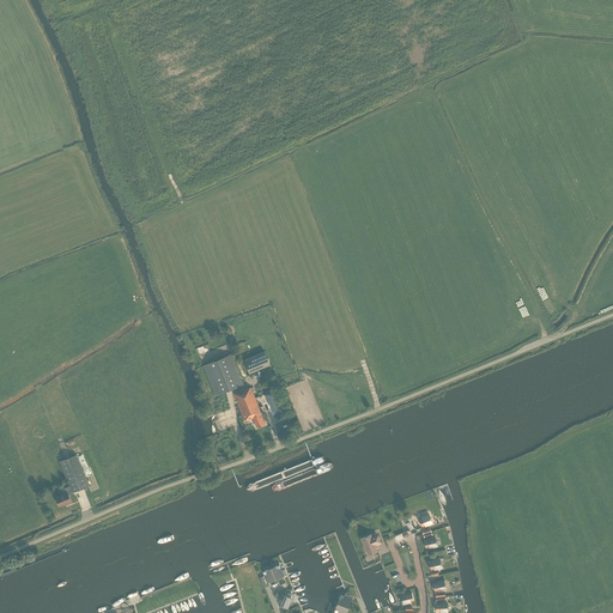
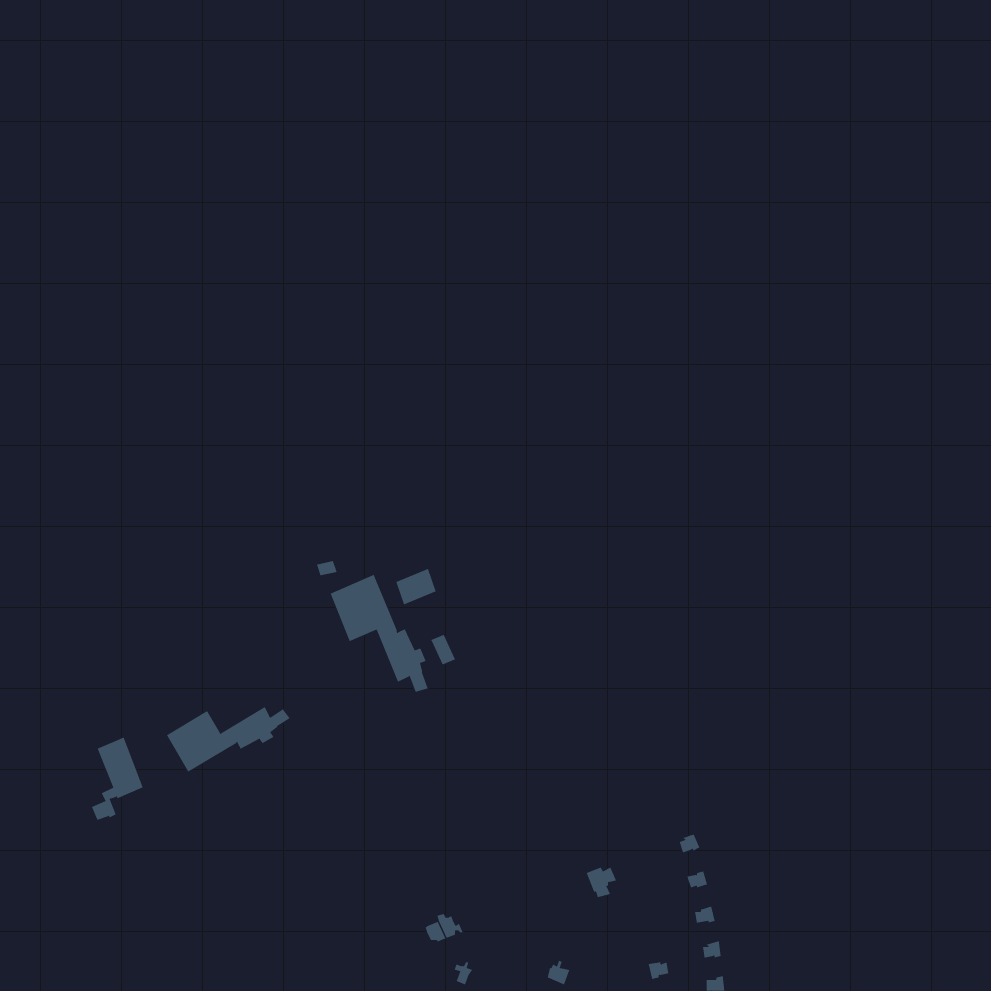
building: none -> [166,706,291,772]

